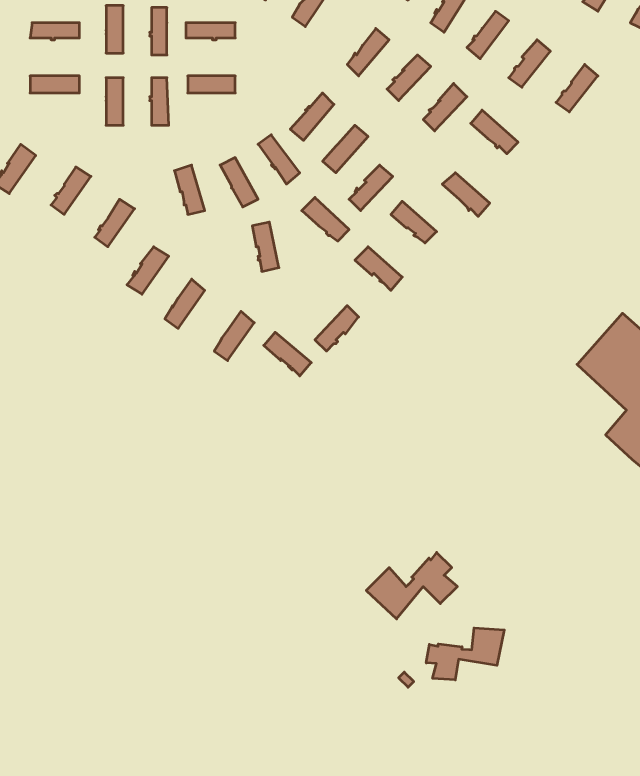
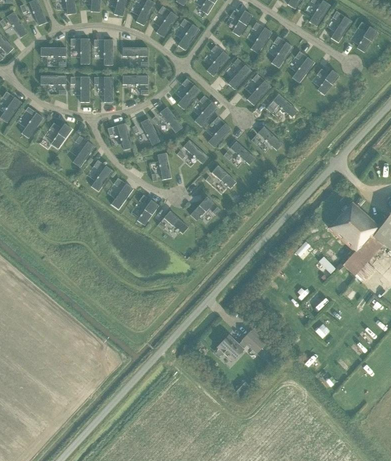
building: [426,628,504,680] -> none

